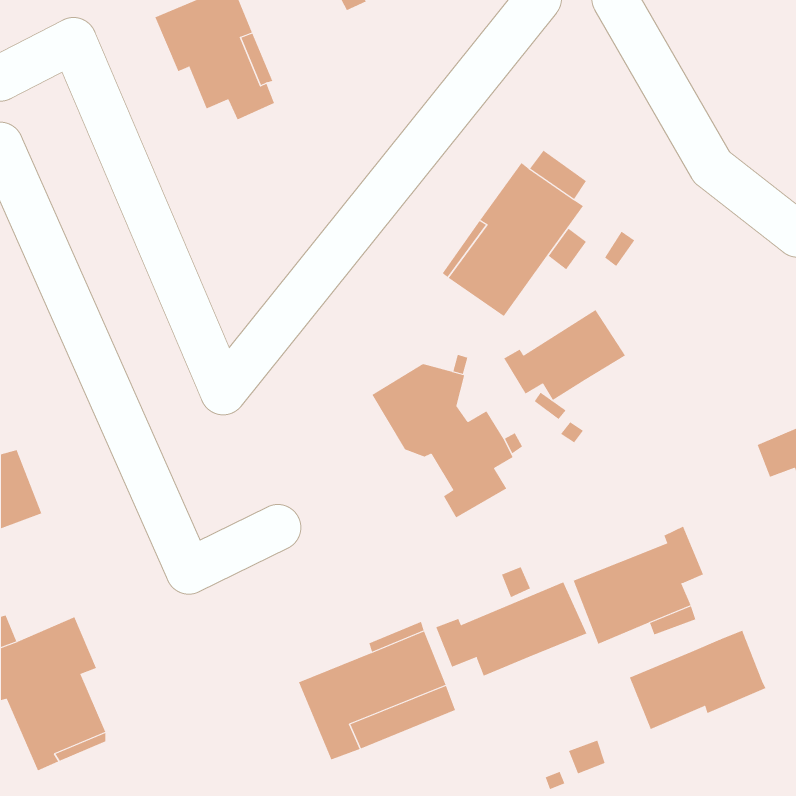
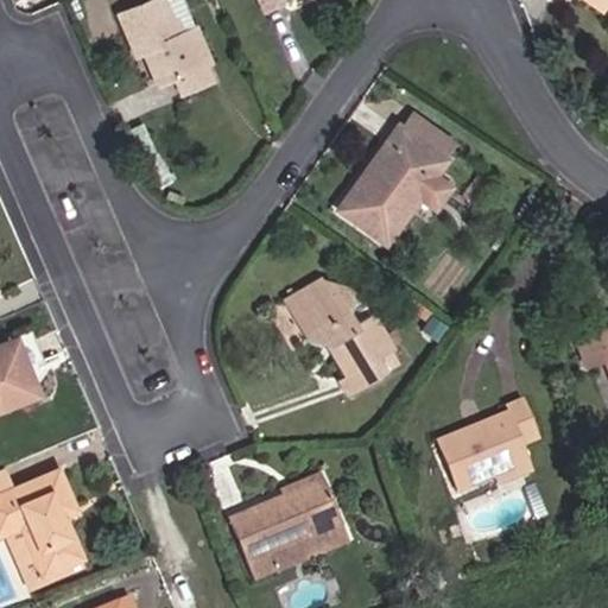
building: [503,309,626,401] -> none
building: [435,581,587,676] -> none
building: [629,630,766,730] -> none

